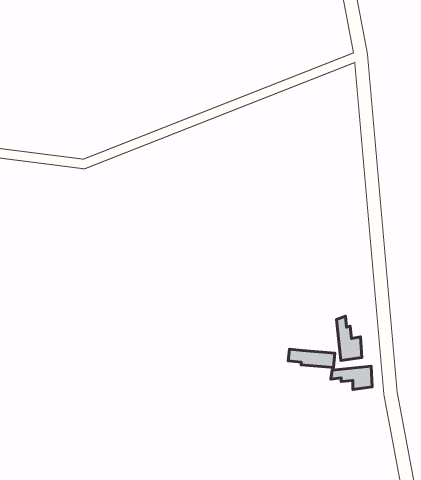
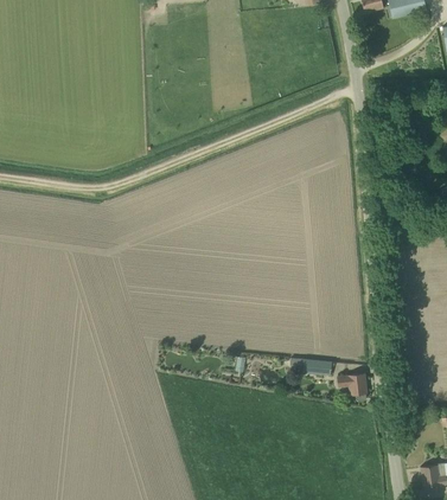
building: [337,316,362,360] -> none

